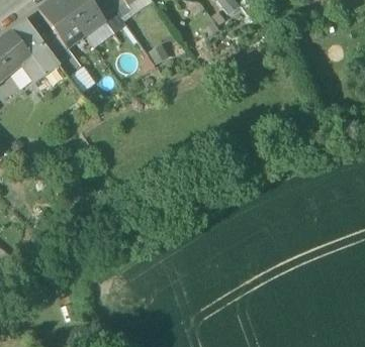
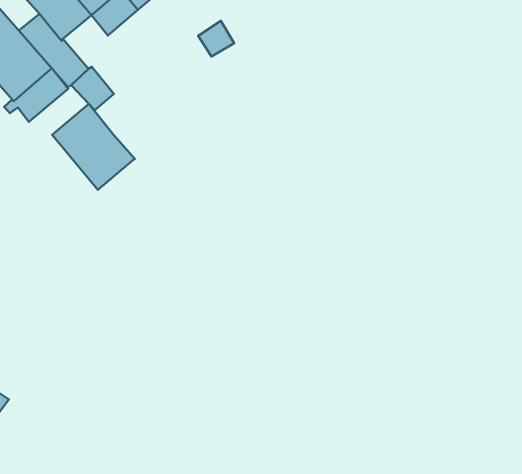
building: none -> [52,104,135,190]

